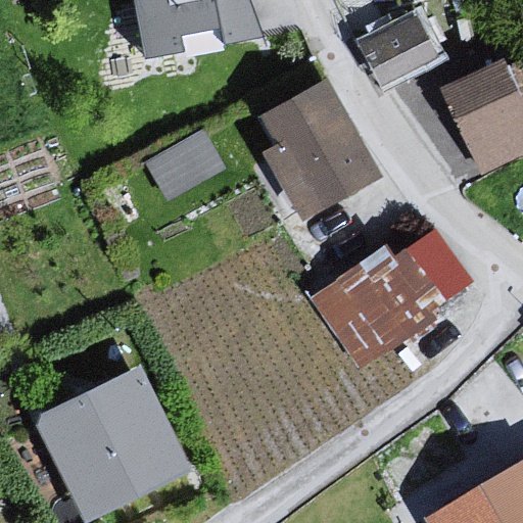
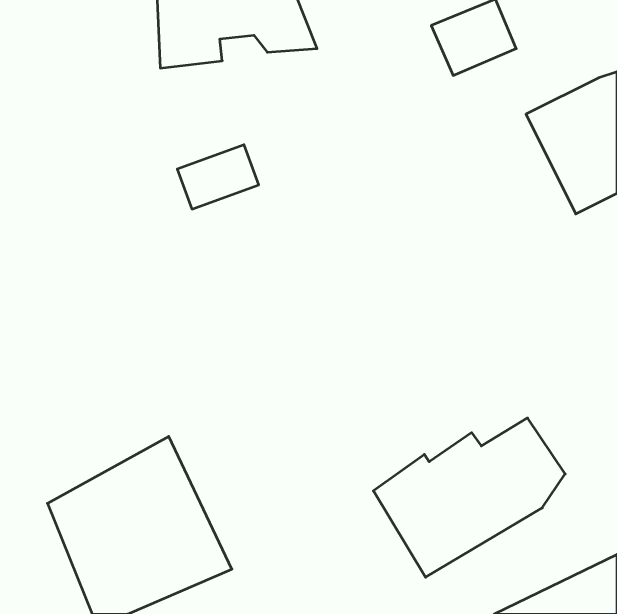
building: [262,84,385,216] -> none
building: [305,233,467,367] -> [373,418,565,577]

